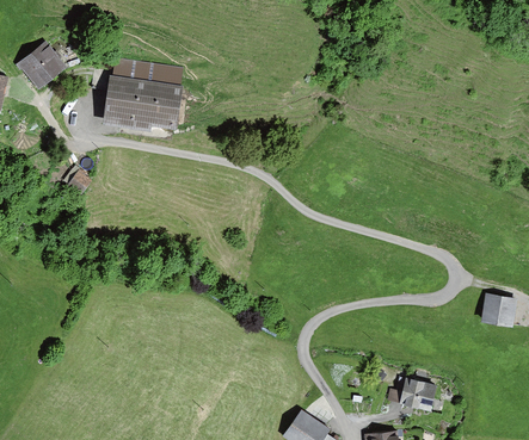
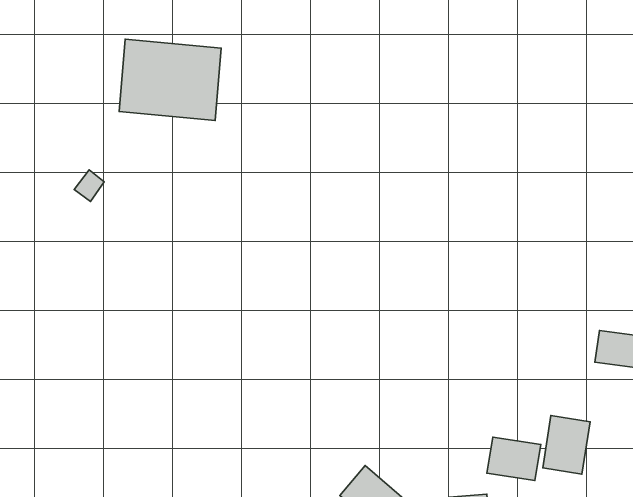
building: [20,45,66,89] -> none
building: none -> [543,416,590,474]

